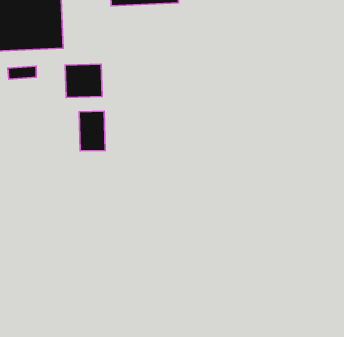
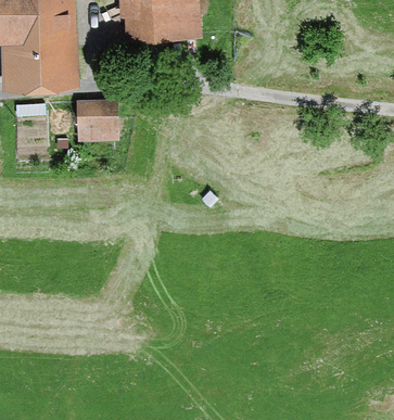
building: [79,111,105,151] -> none

